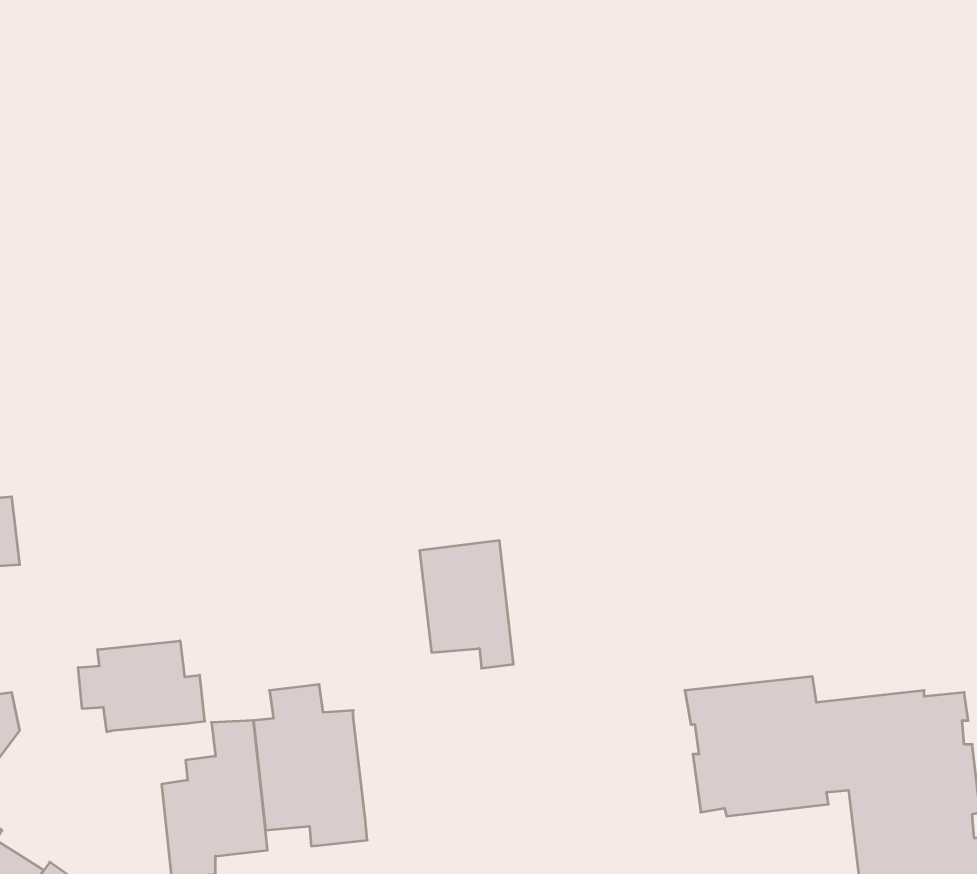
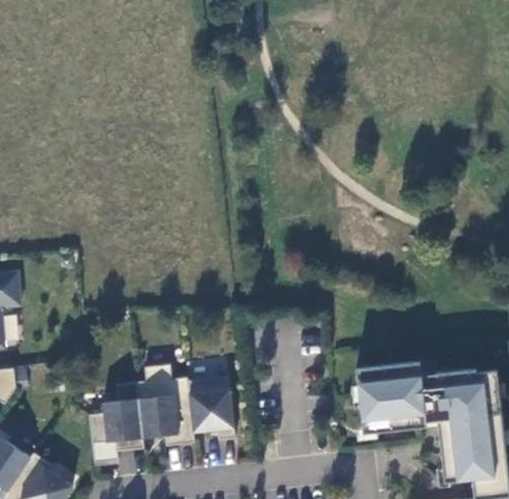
building: [420,541,513,668] -> [187,375,234,440]
building: [78,641,205,732] -> none

